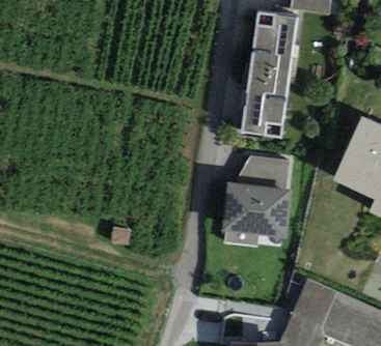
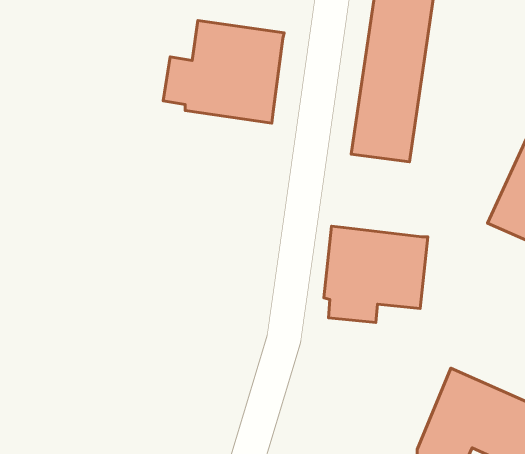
building: none -> [163,20,284,123]
building: [235,155,289,189] -> none

